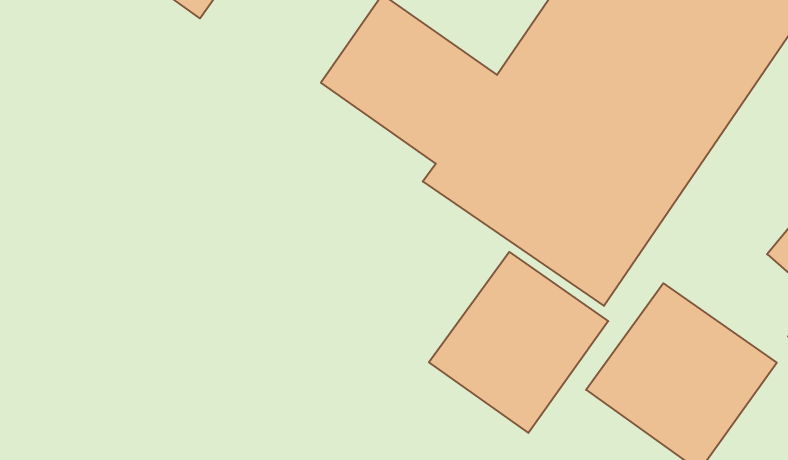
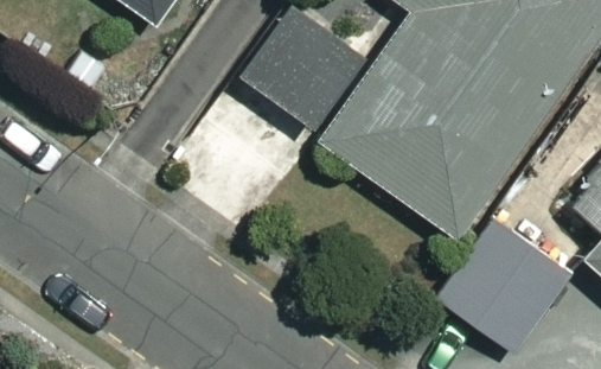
building: [429,252,608,433] -> none

